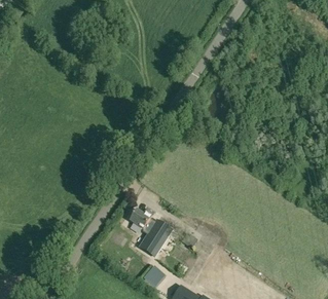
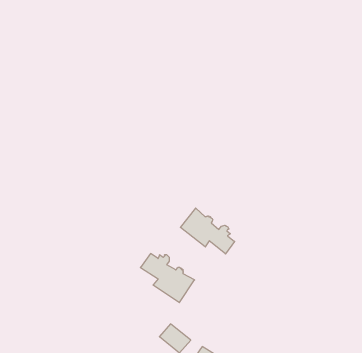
building: none -> [180,208,235,254]

